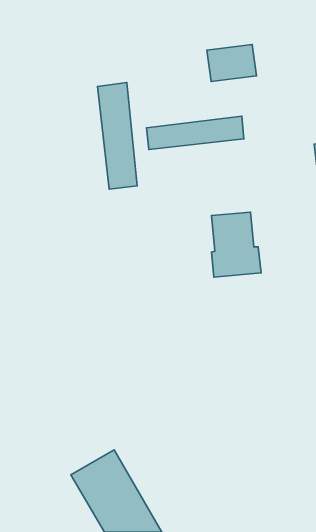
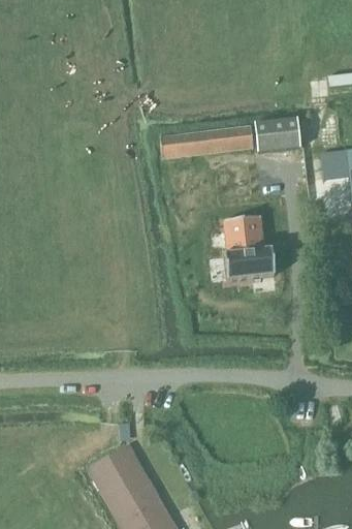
building: [207,45,257,81] -> [254,116,301,151]
building: [98,83,137,189] -> none

